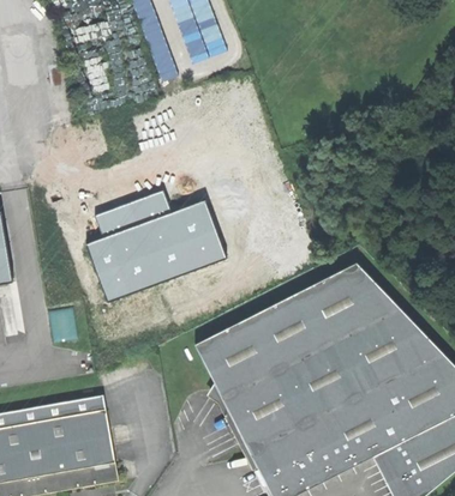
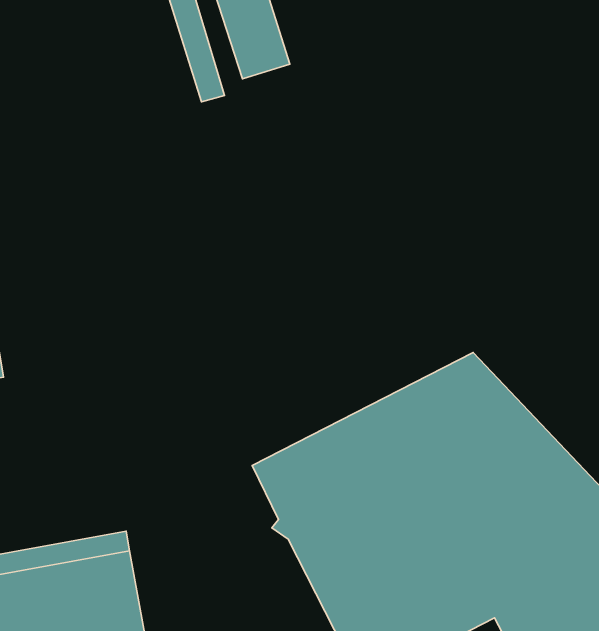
building: [85,185,222,297] -> none

